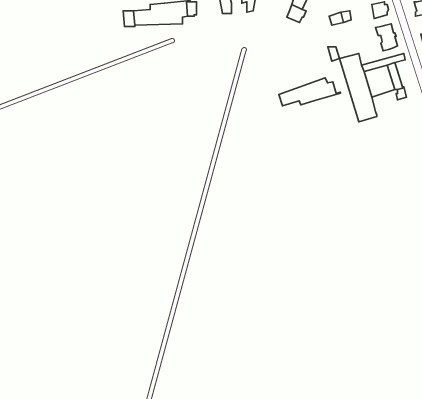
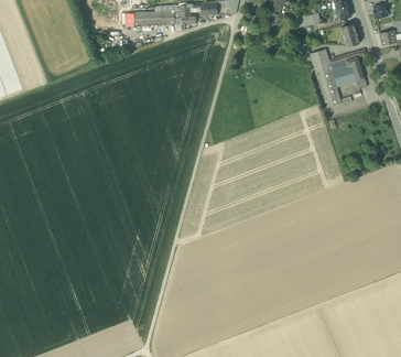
building: [279,78,340,106] -> none

